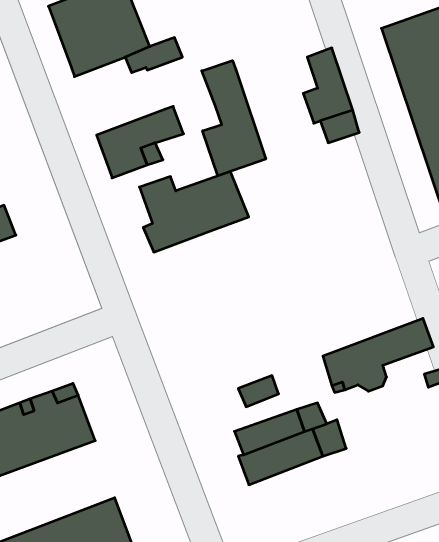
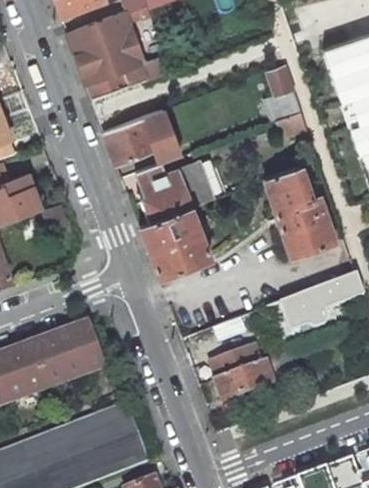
building: [202,61,266,176] -> none
building: none -> [265,164,335,255]
building: none -> [139,205,212,277]

